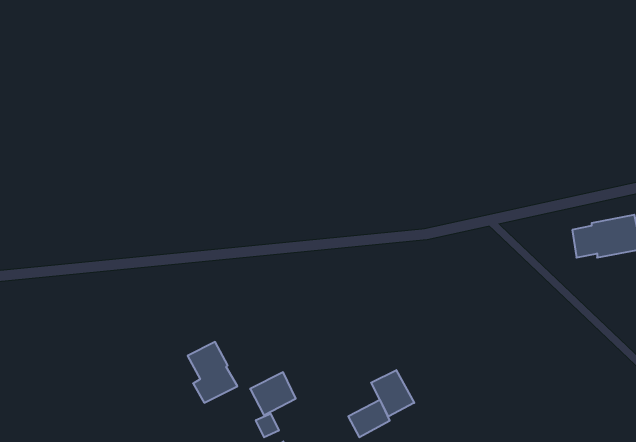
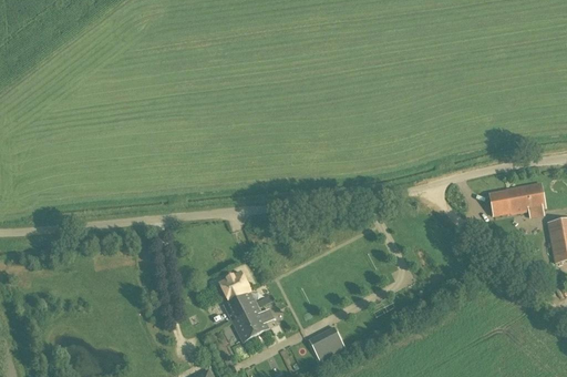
building: [188,342,237,403] -> [219,272,259,320]
building: [371,370,414,417] -> none

